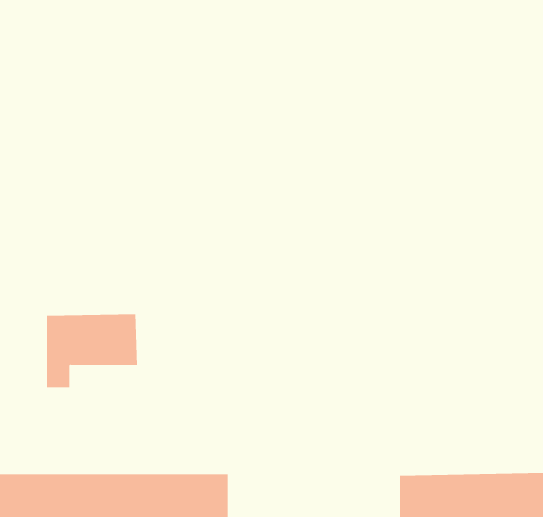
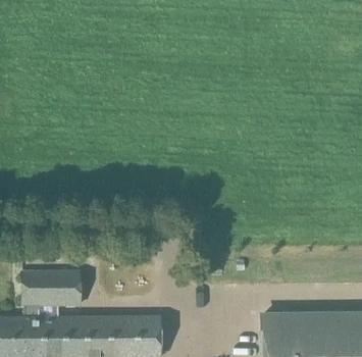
building: [46,314,138,388] -> [23,271,82,318]

